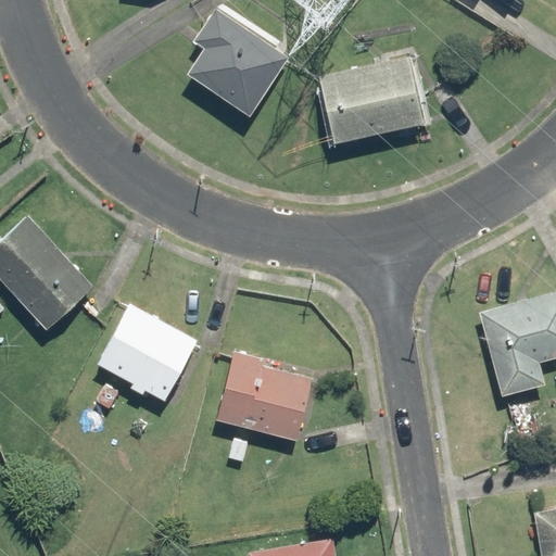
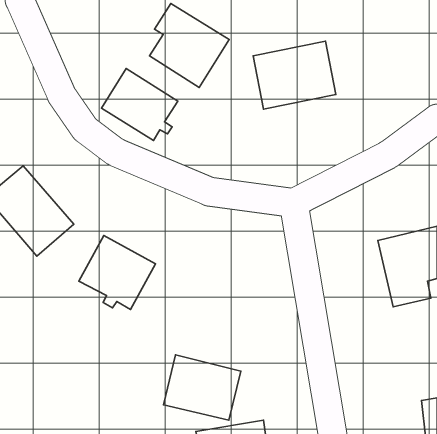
building: none -> [102,69,178,141]
building: [215,358,313,441] -> [163,355,241,420]

